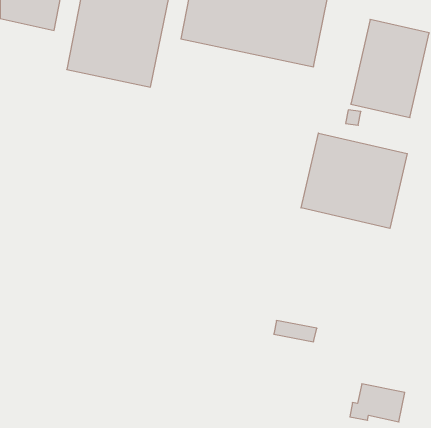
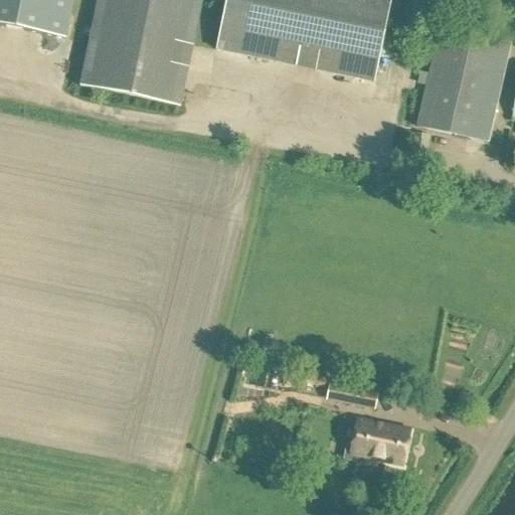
building: [301,133,407,228] -> none
building: [350,384,405,422] -> [344,417,409,463]

